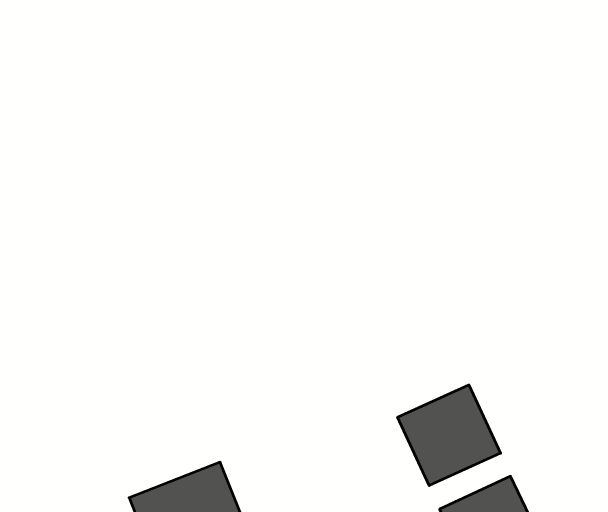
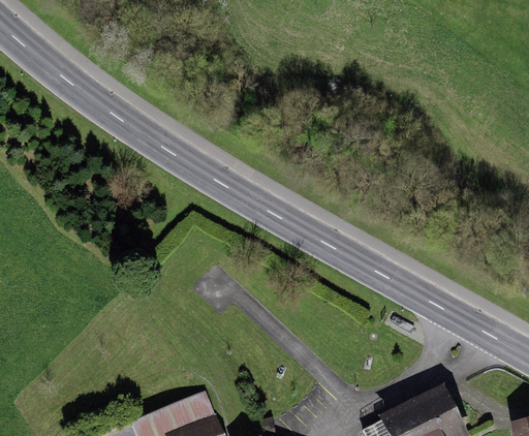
building: [398,385,501,486] -> none

